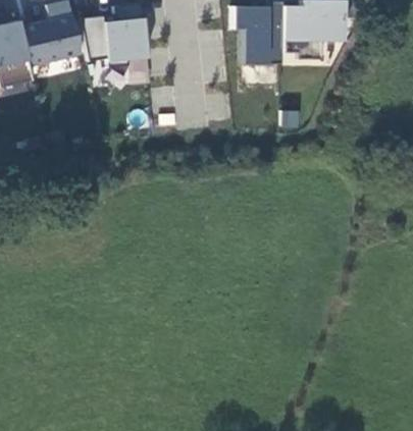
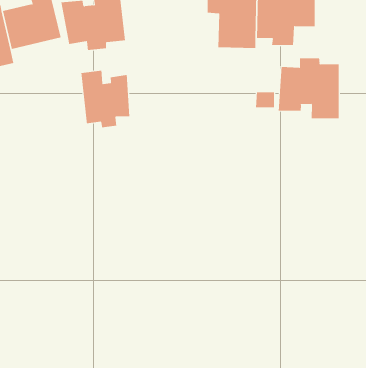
building: none -> [278,58,339,119]
building: none -> [81,70,130,128]

